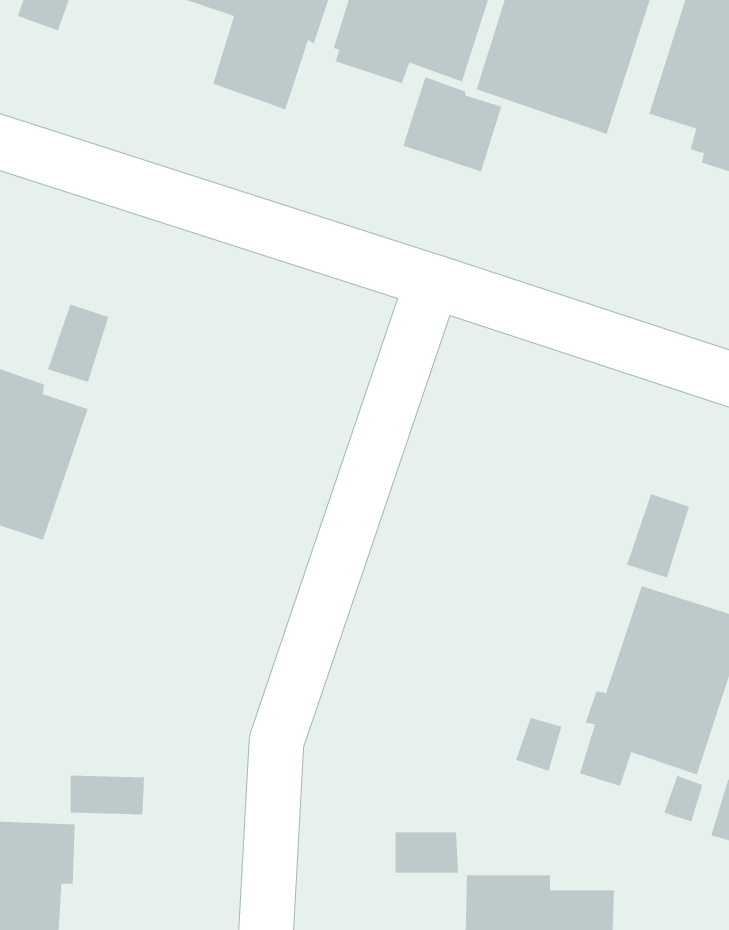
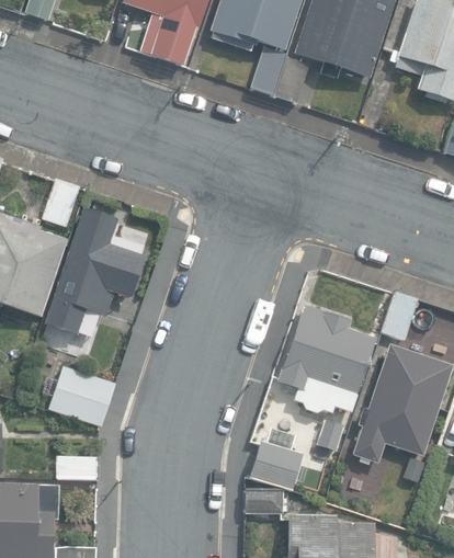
building: none -> [48,207,144,332]
building: none -> [279,306,376,413]
building: none -> [48,364,116,426]
building: none -> [249,441,303,490]

